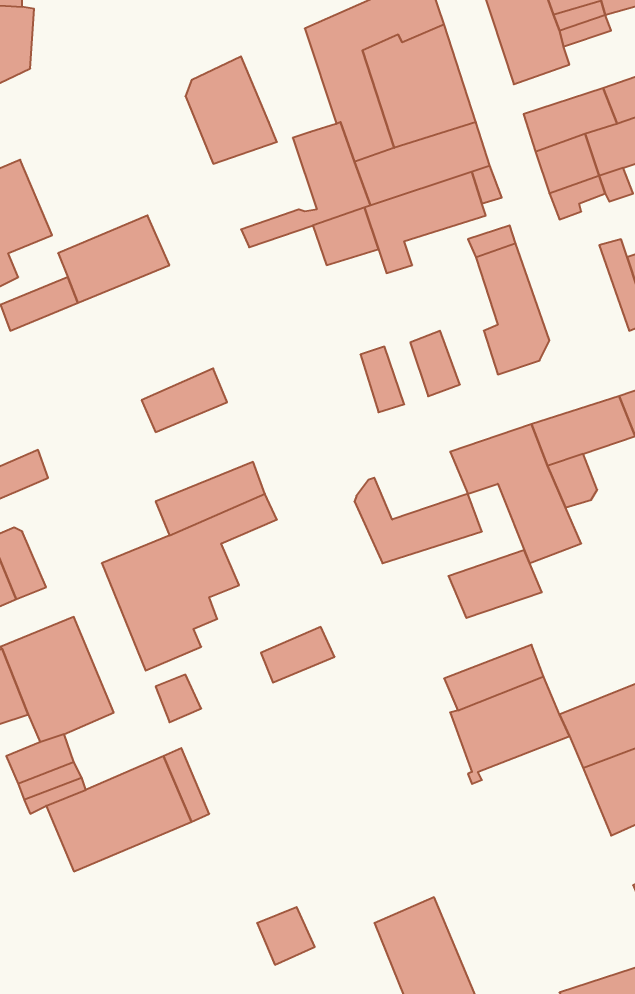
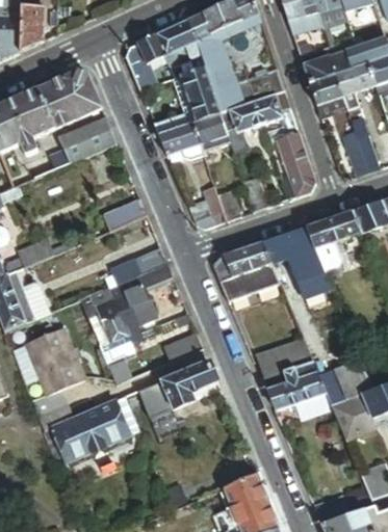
building: none -> [154,20,204,74]
building: none -> [38,70,101,128]
building: none -> [158,123,203,157]
building: none -> [187,185,226,228]
building: [448,550,542,618] -> [224,241,273,276]
building: none -> [143,360,216,407]

